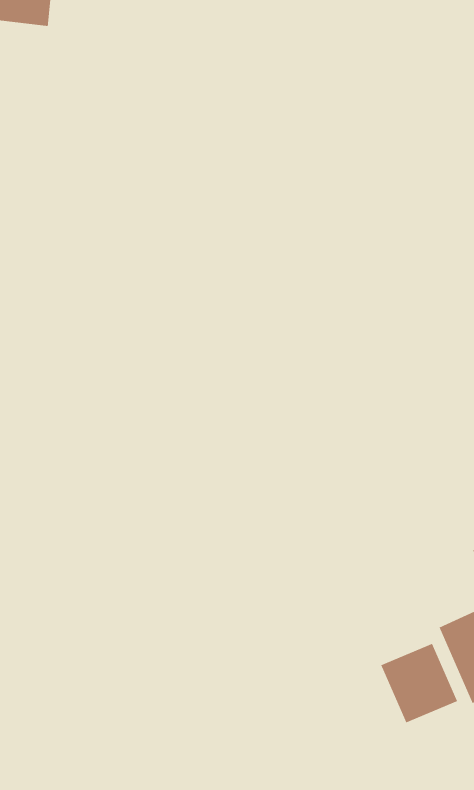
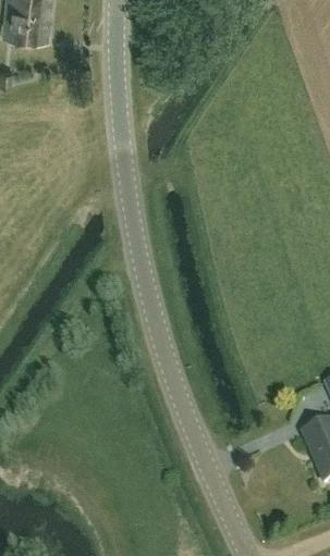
building: [380,643,458,723] -> none

